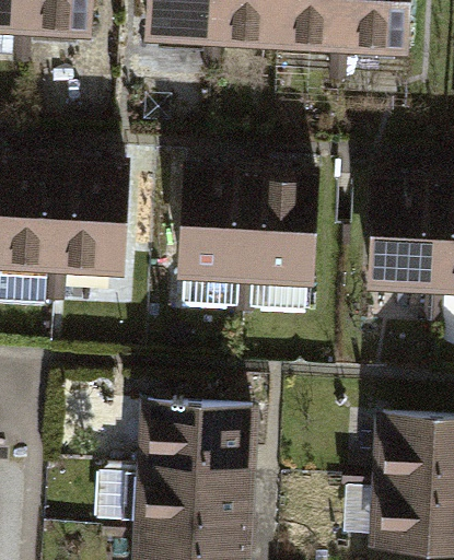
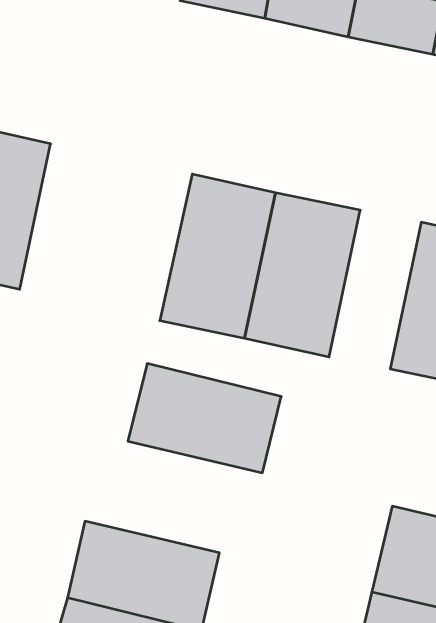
building: [57,170,131,292] -> none
building: [141,401,257,472] -> [128,364,281,473]

